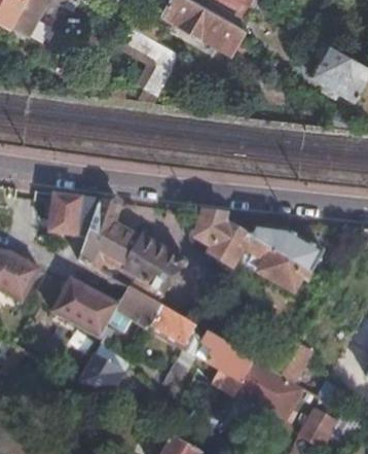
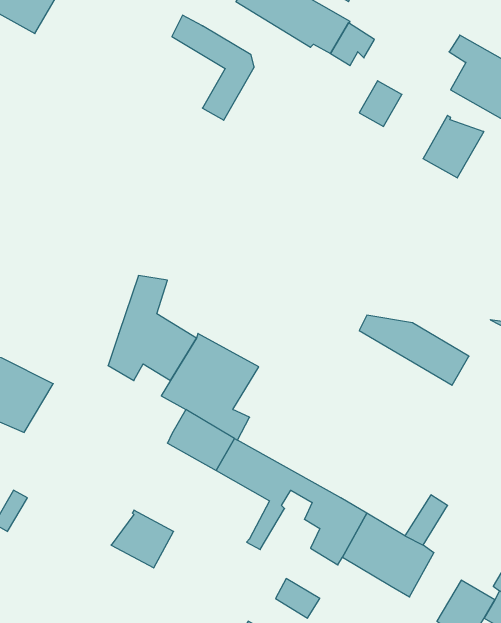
building: none -> [423,115,484,178]
building: [45,193,98,238] -> none
building: [195,213,310,288] -> none
building: [53,279,120,341] -> none

